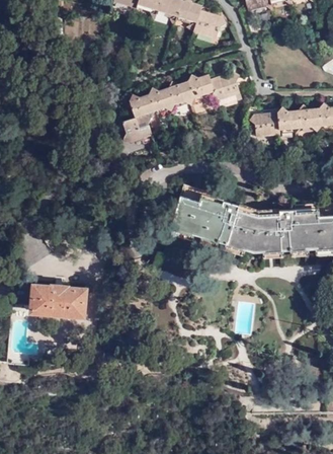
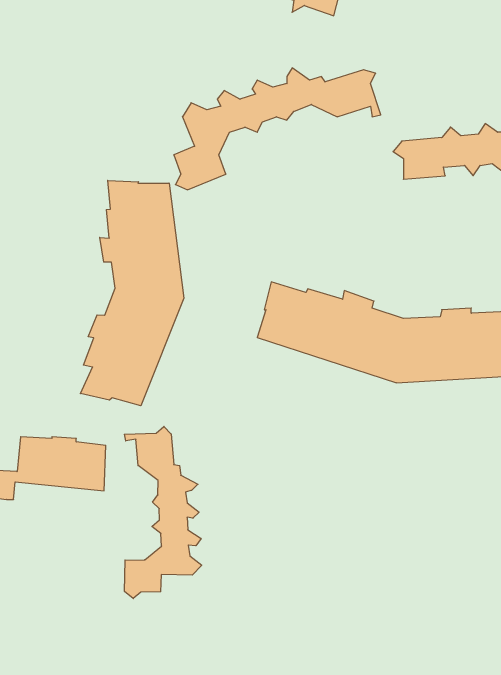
building: none -> [80,180,184,406]
building: none -> [124,426,202,599]

